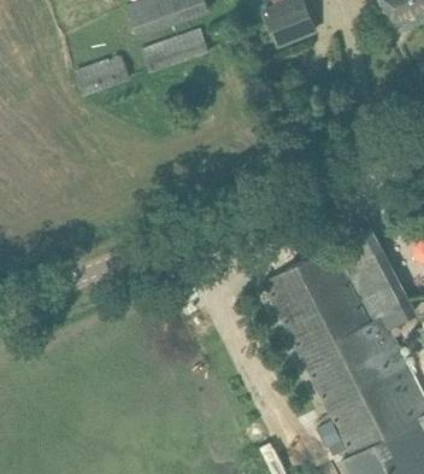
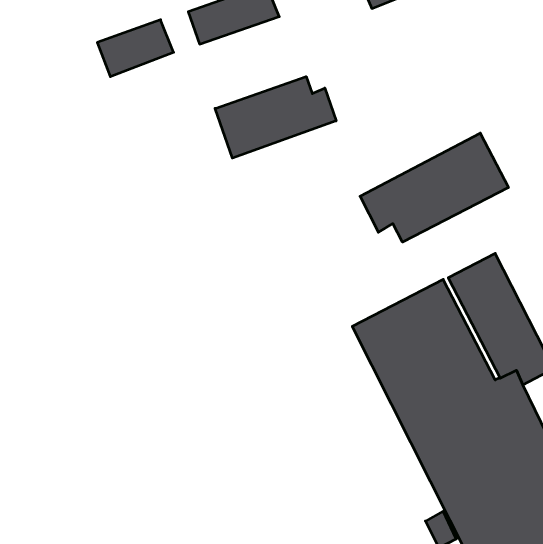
building: none -> [215,77,336,158]
building: none -> [360,133,508,242]

